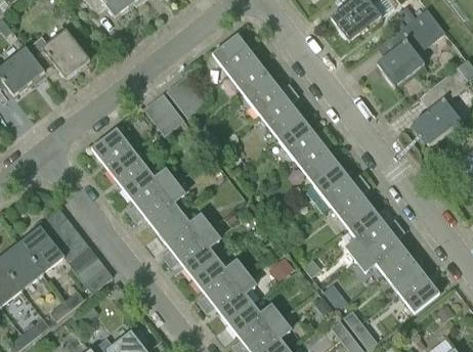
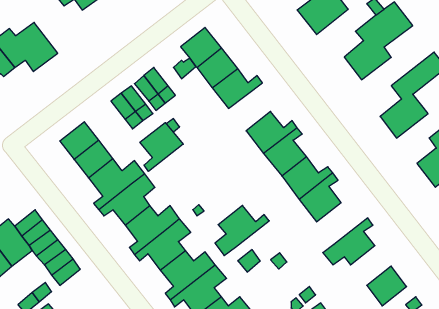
building: [260,89,302,137] -> none
building: none -> [140,123,183,171]
building: [345,209,399,259] -> [215,205,269,256]
building: [382,252,423,292] -> none

